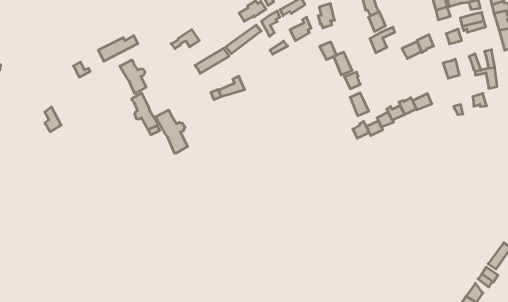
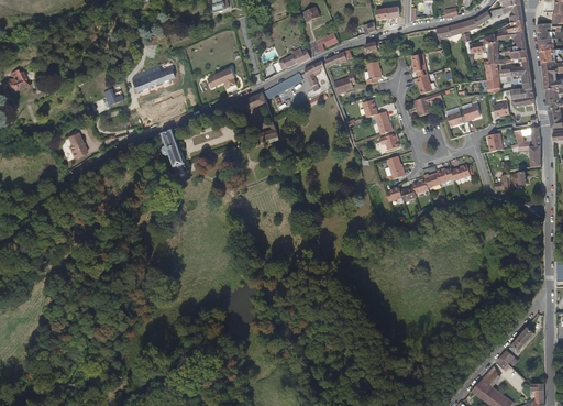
building: [120,60,146,93] -> none
building: [155,110,188,153] -> none

